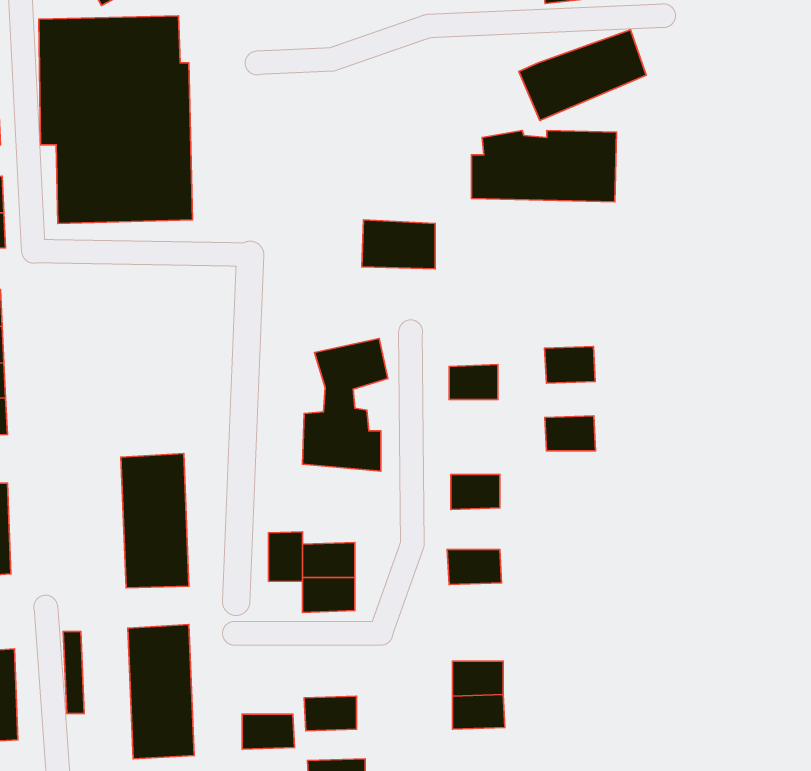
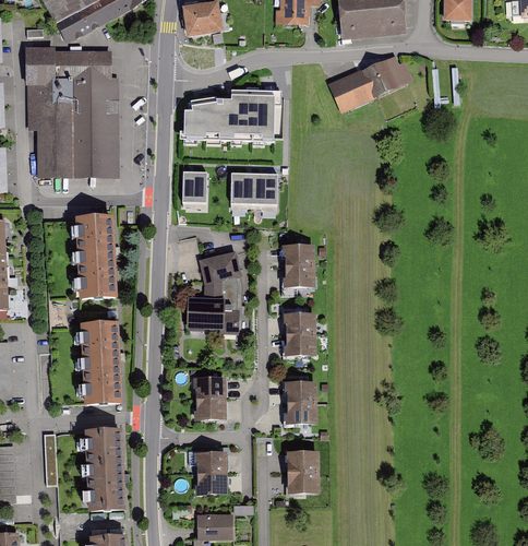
building: [472,130,617,202] -> [182,98,273,143]
building: none -> [181,173,205,203]
building: none -> [74,216,116,299]
building: [545,347,595,383] -> [283,244,314,266]
building: [545,416,596,451] -> [284,312,315,334]
building: [269,532,302,582] -> none
building: none -> [284,402,316,424]
building: [242,714,294,749] -> [193,452,226,474]

